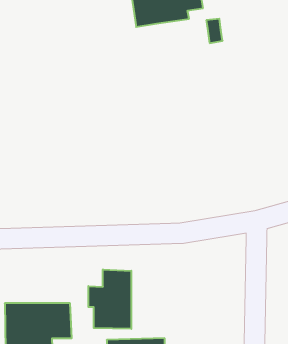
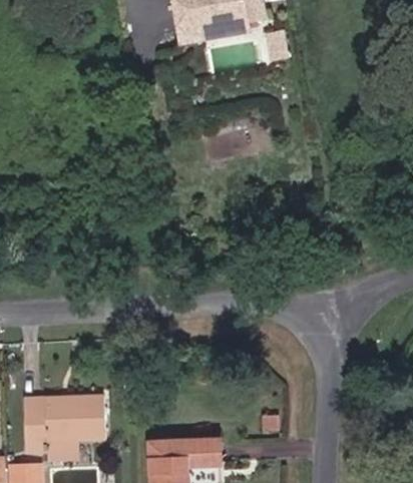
building: [88,269,131,329] -> none

